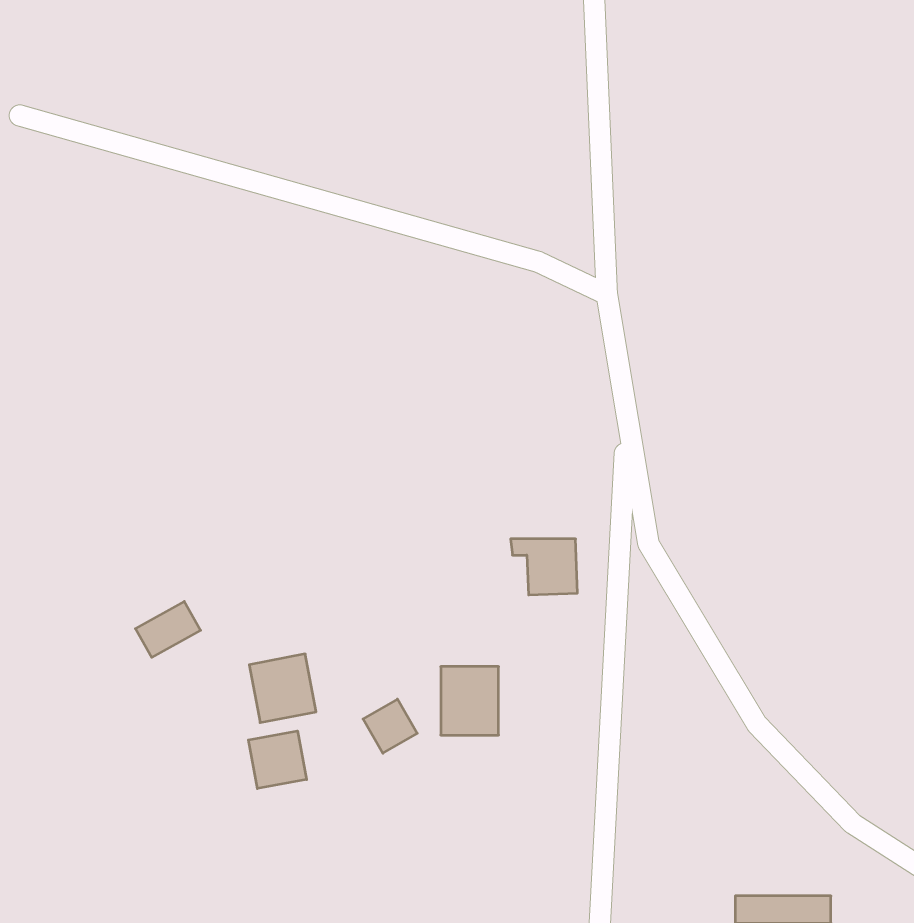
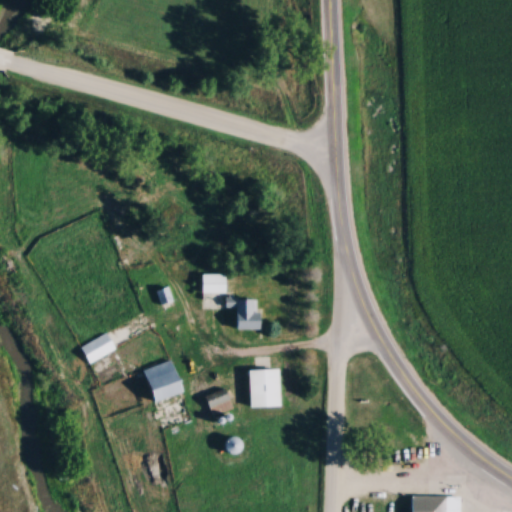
building: none -> [202,273,227,293]
building: [511,539,577,595] -> [225,298,262,329]
building: [248,731,307,789] -> none

